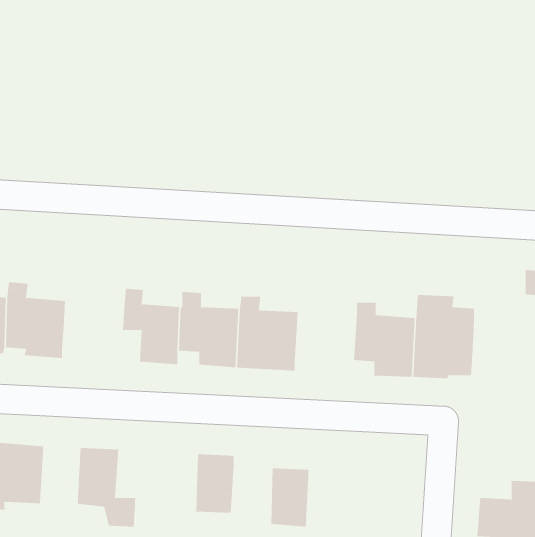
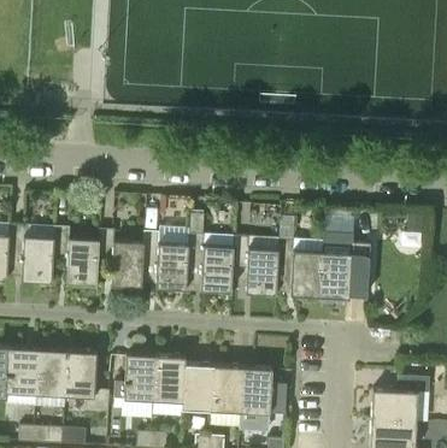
building: none -> [53,225,99,284]
building: none -> [233,235,278,294]
building: none -> [35,349,65,394]
building: none -> [114,353,155,400]
building: none -> [182,364,213,409]
building: none -> [240,367,287,414]

